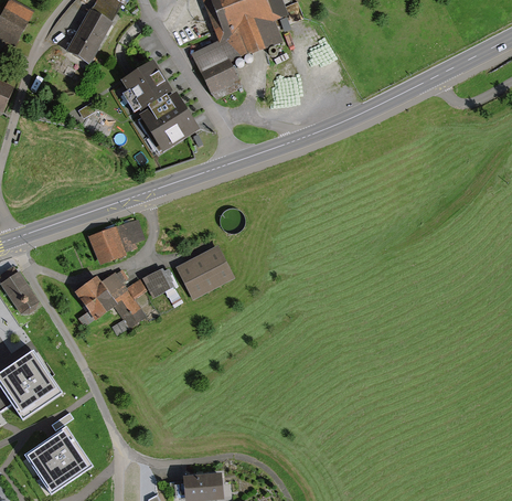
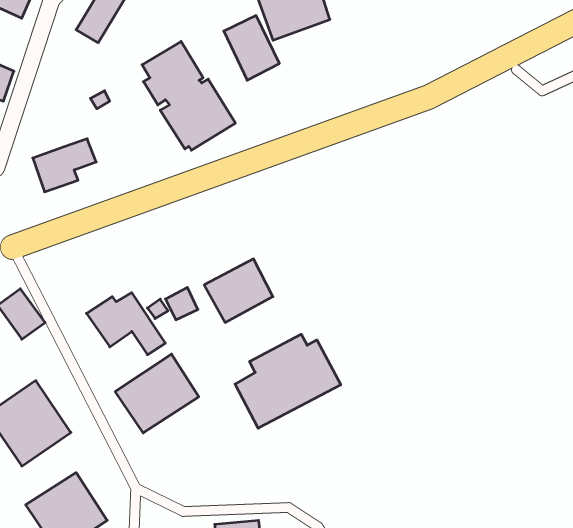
building: [87,220,141,265] -> [33,139,96,192]
building: none -> [235,334,341,428]
building: none -> [115,354,199,433]

